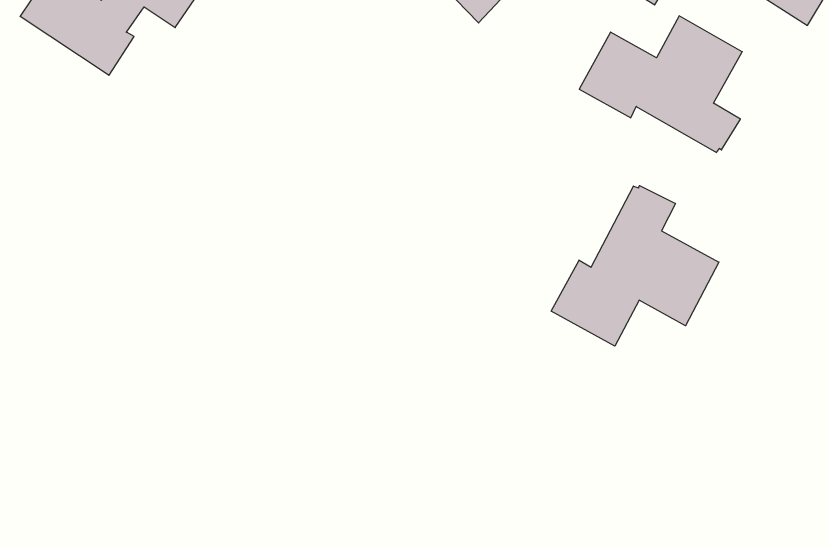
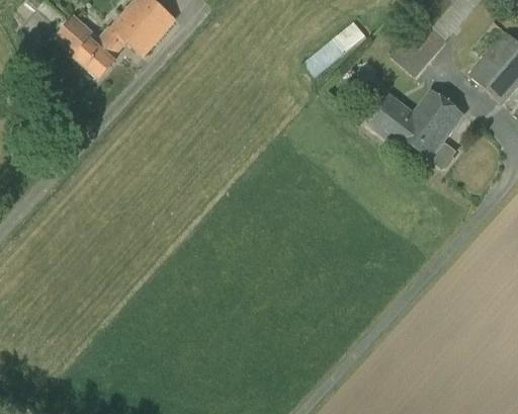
building: [551,186,719,346] -> none

